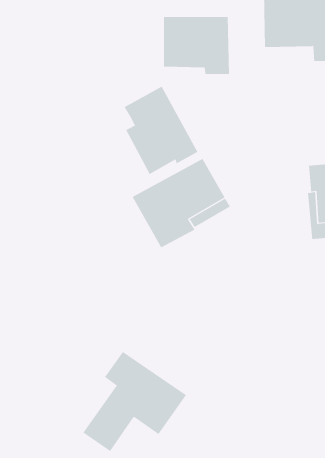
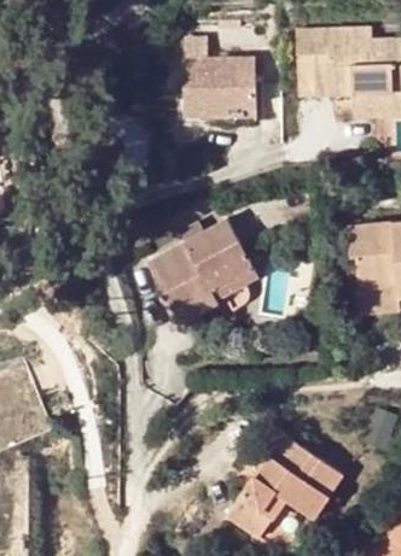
building: [124,86,198,175] -> none
building: [83,351,187,452] -> [226,425,343,538]

